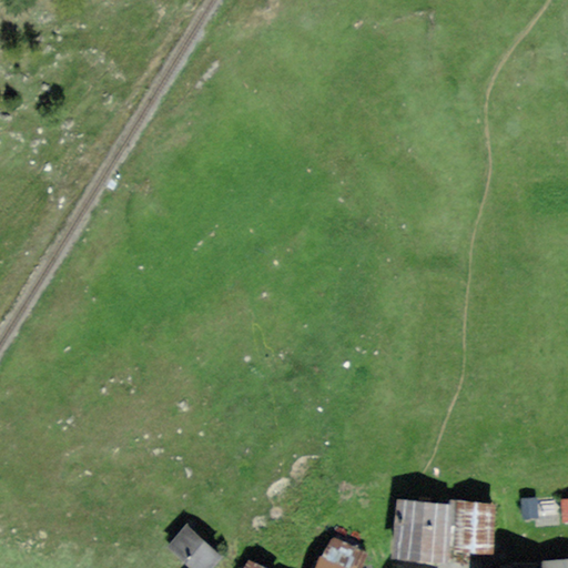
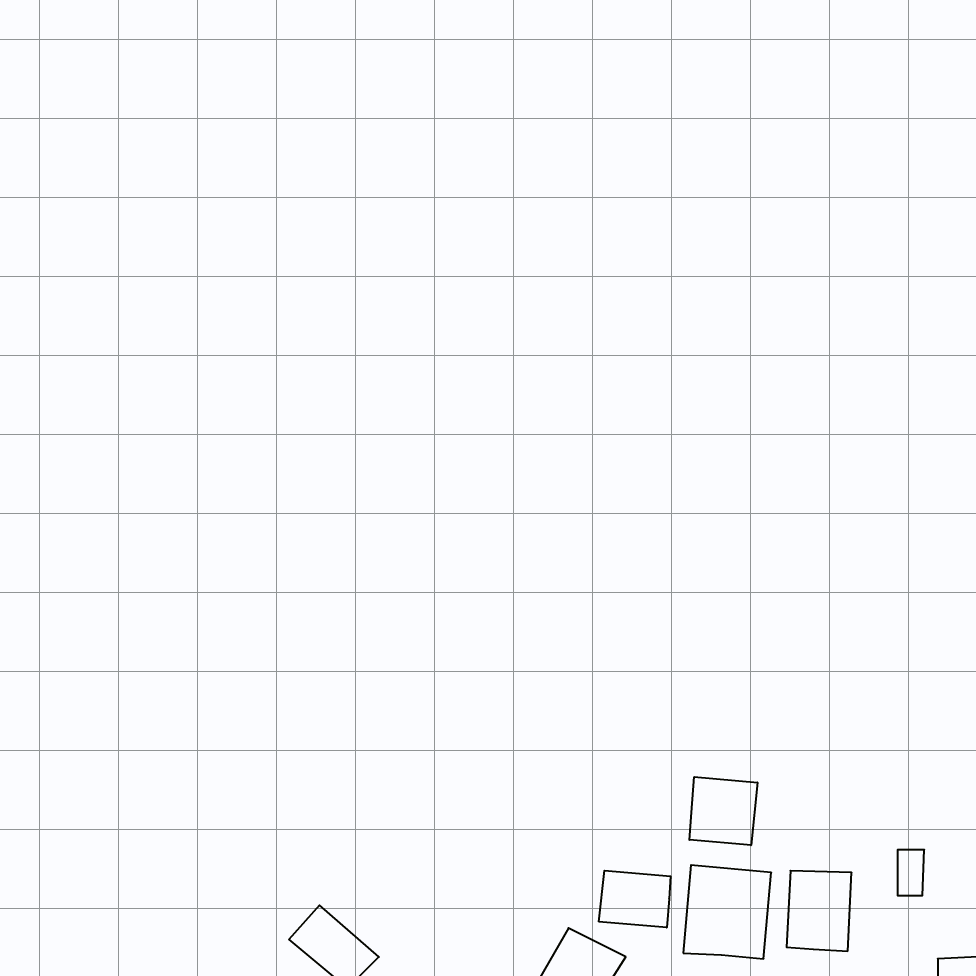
building: none -> [689,777,757,845]
building: none -> [599,871,671,928]

